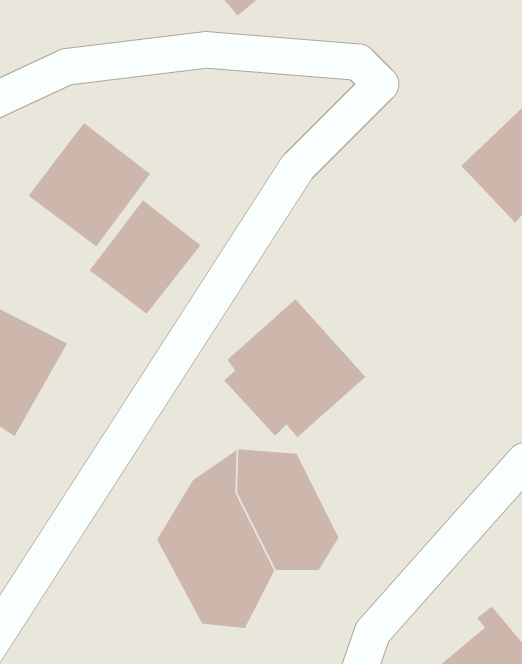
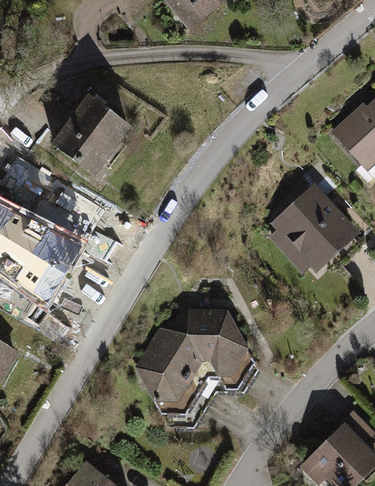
building: [88,199,202,315] -> none
building: [223,298,366,438] -> [268,179,359,268]

